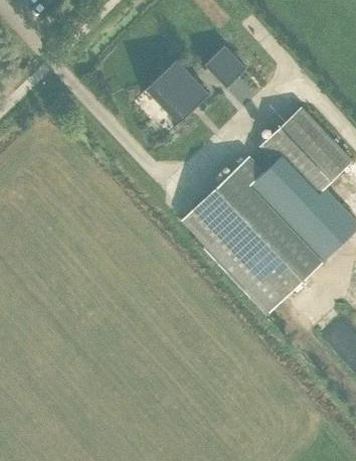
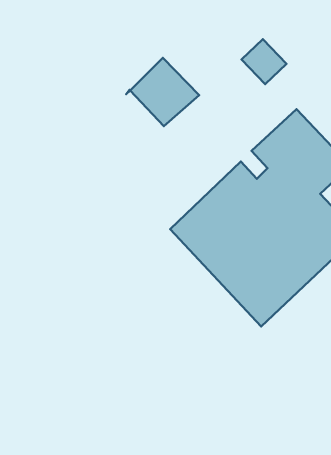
building: [203,45,245,88] -> [241,39,286,84]

